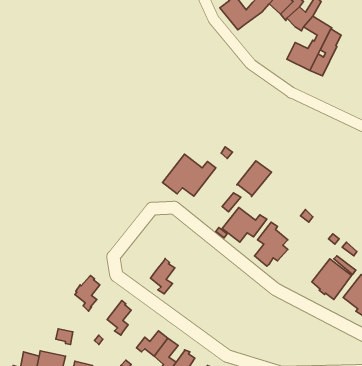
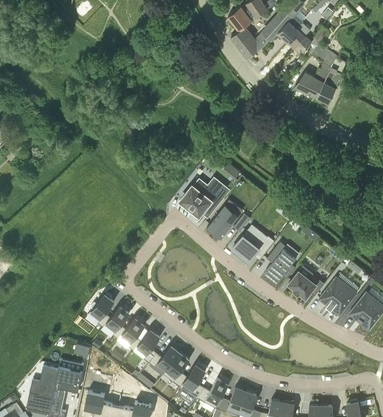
building: [237,161,271,196] -> [206,205,239,239]
building: none -> [288,271,324,298]
building: [151,258,175,294] -> [137,328,160,362]
building: none -> [106,305,130,338]

